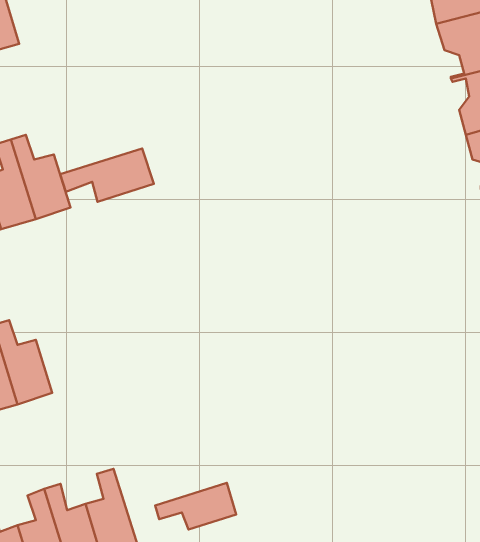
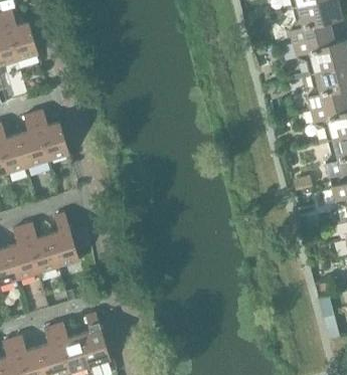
building: [60,149,154,202] -> none
building: none -> [49,213,80,267]
building: [155,483,236,530] -> none

